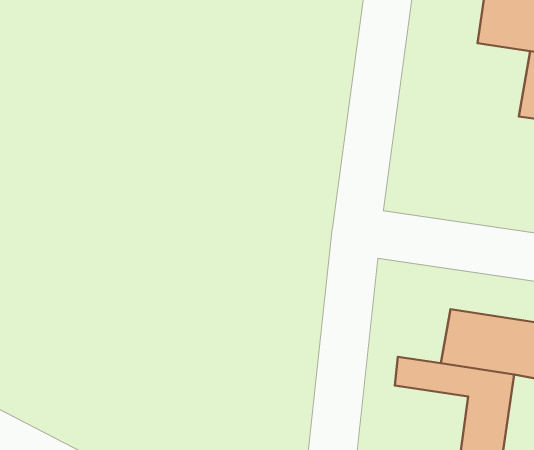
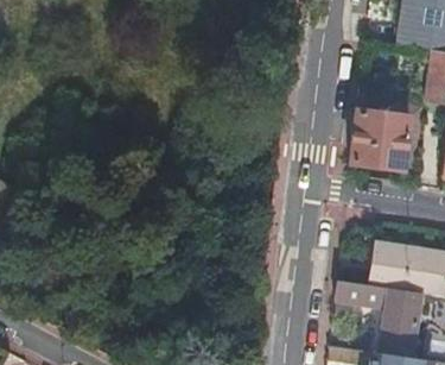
building: none -> [350,97,419,176]

